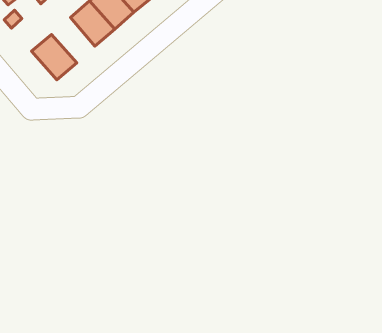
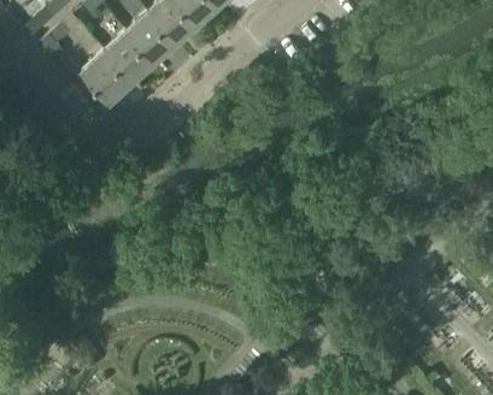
building: none -> [104,31,153,83]

